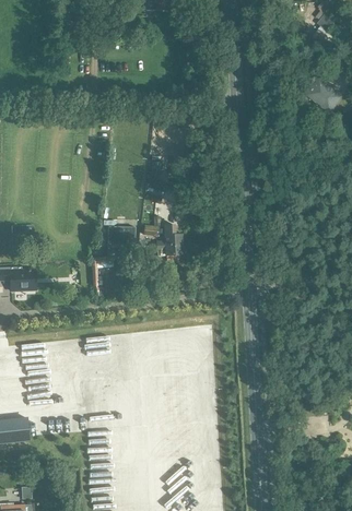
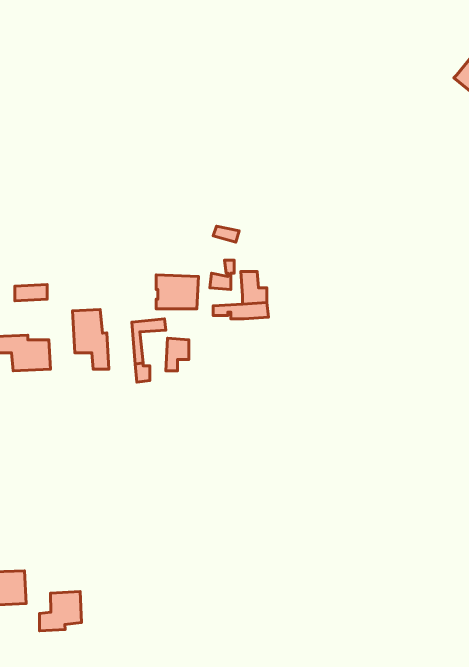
building: none -> [72,310,109,369]
building: none -> [39,591,81,631]

